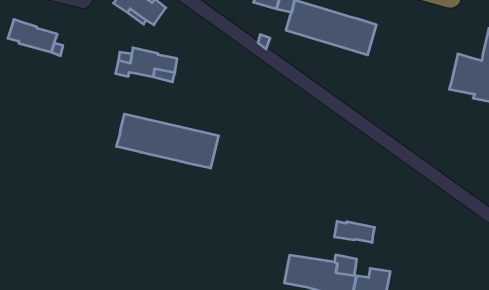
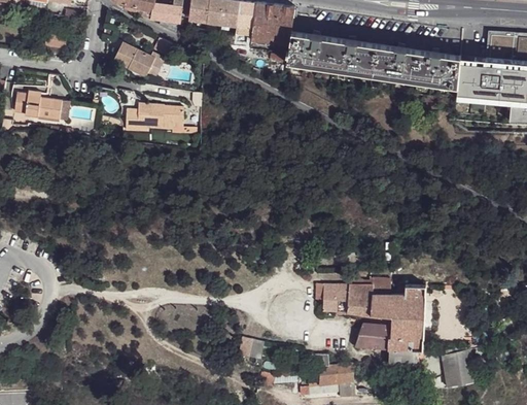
building: none -> [371,44,459,89]
building: [116,114,219,168] -> none
building: [334,221,375,243] -> none

